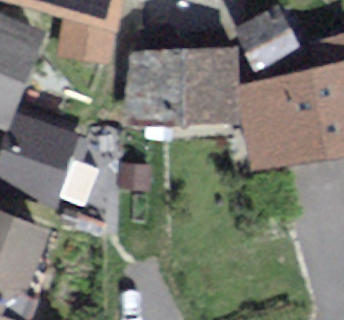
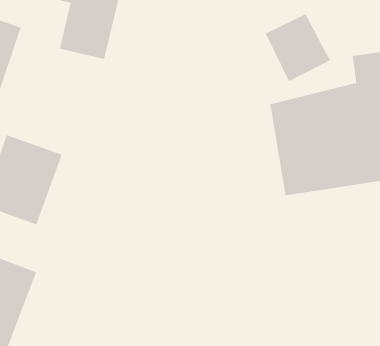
building: [137,56,233,114] -> none

